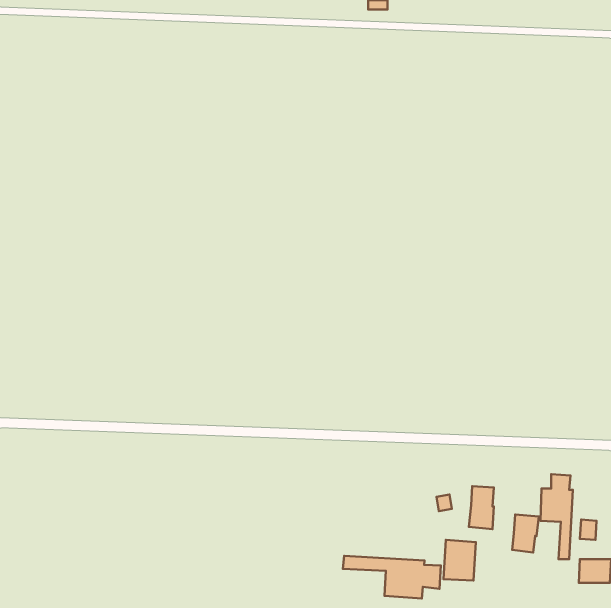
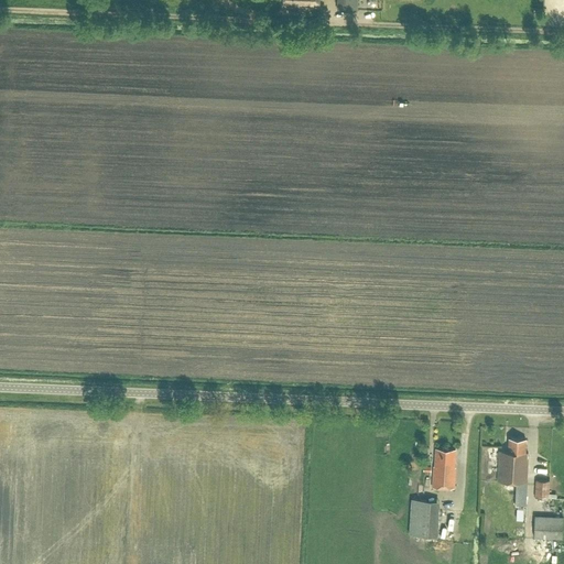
building: [512,515,539,552] -> none
building: [343,556,441,599] -> none

